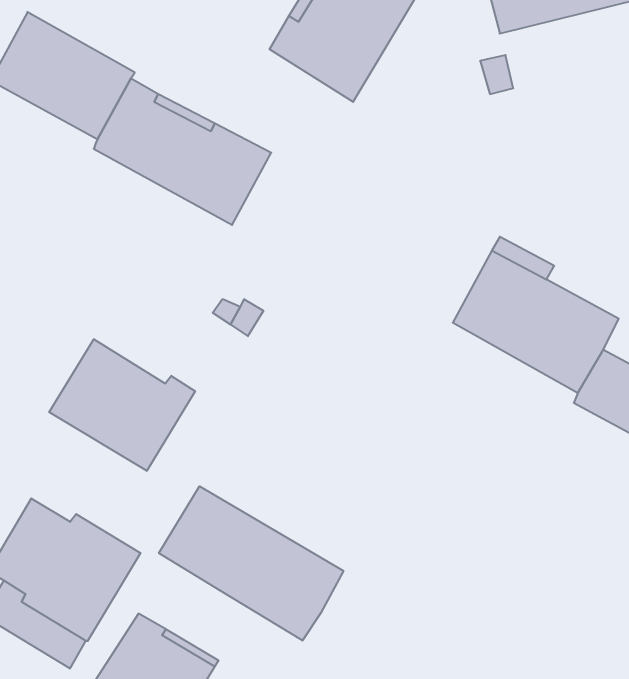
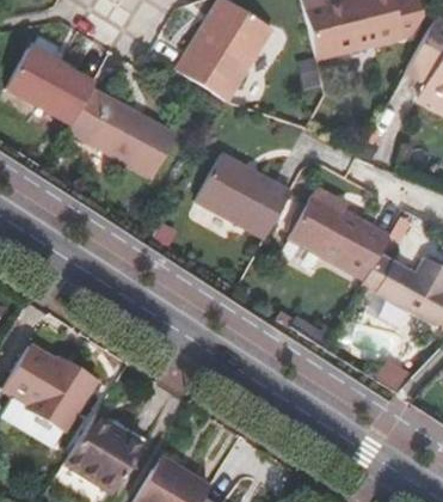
building: none -> [196,153,293,238]
building: [49,339,195,471] -> none
building: [159,486,343,641] -> none

